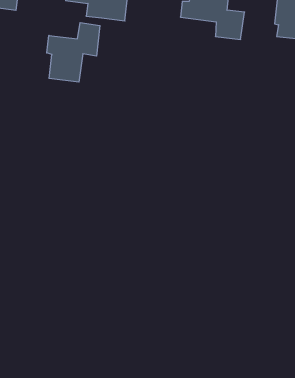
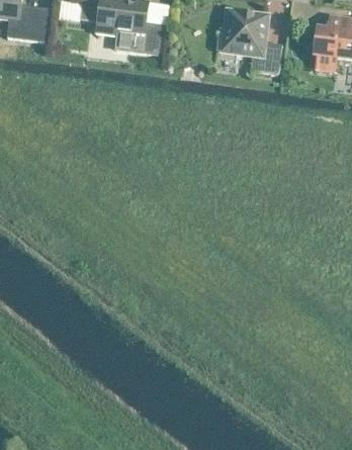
building: [47,23,100,82] -> none

